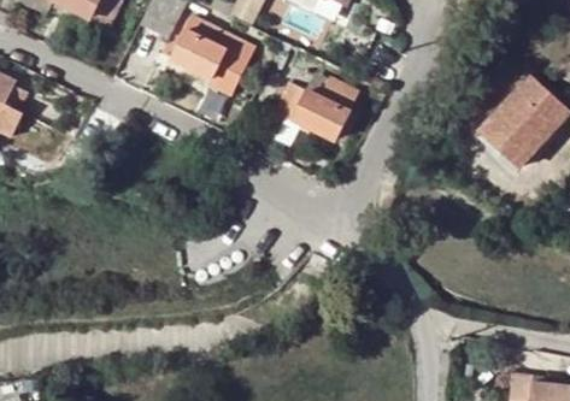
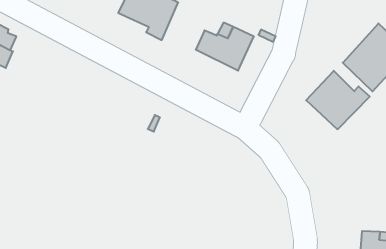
building: none -> [306,71,370,129]

